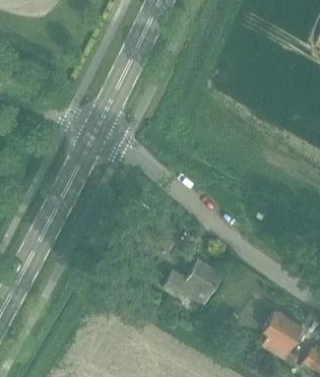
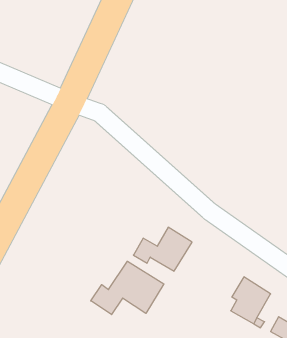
building: none -> [91,261,164,315]

